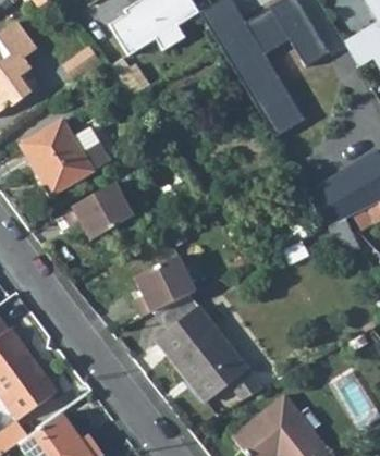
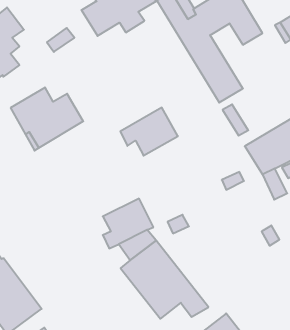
building: [62,181,133,239] -> [120,108,178,156]

